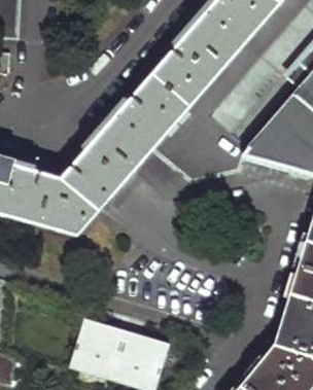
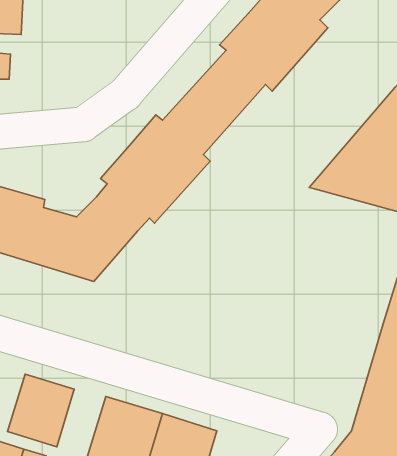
building: none -> [7,374,74,447]

